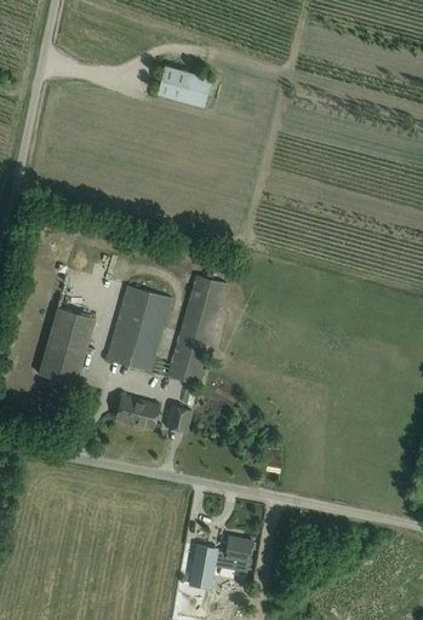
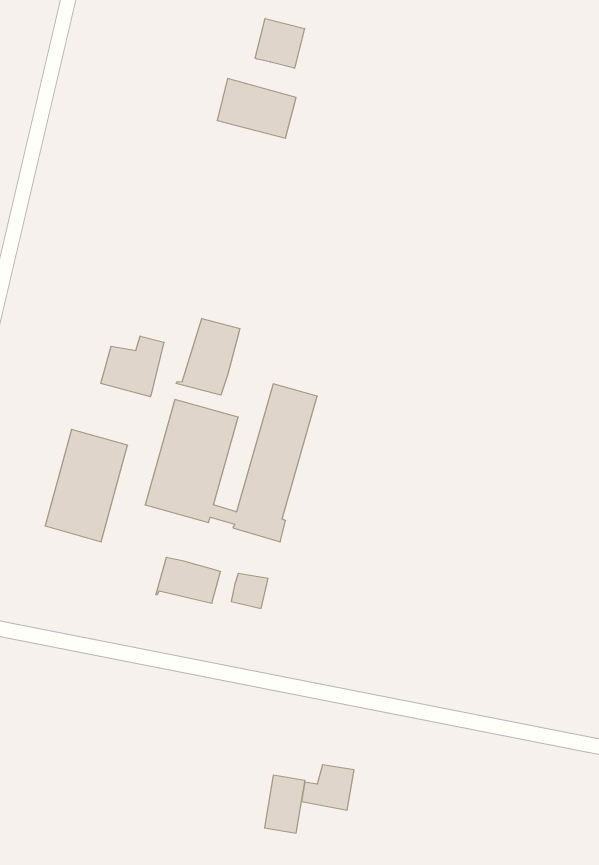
building: none -> [255,18,305,68]
building: none -> [176,318,240,395]
building: none -> [101,336,164,397]

